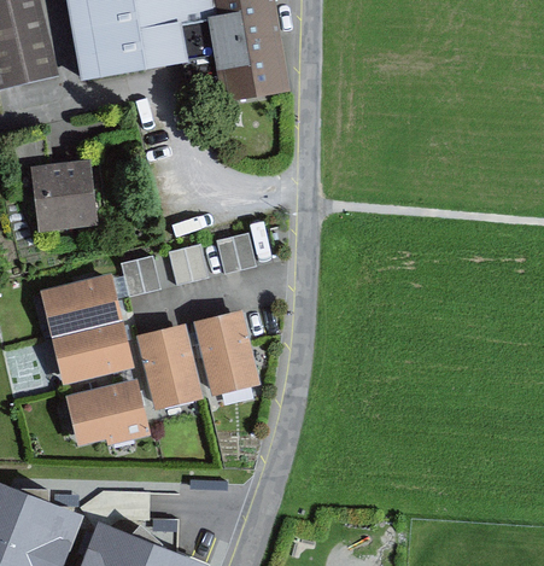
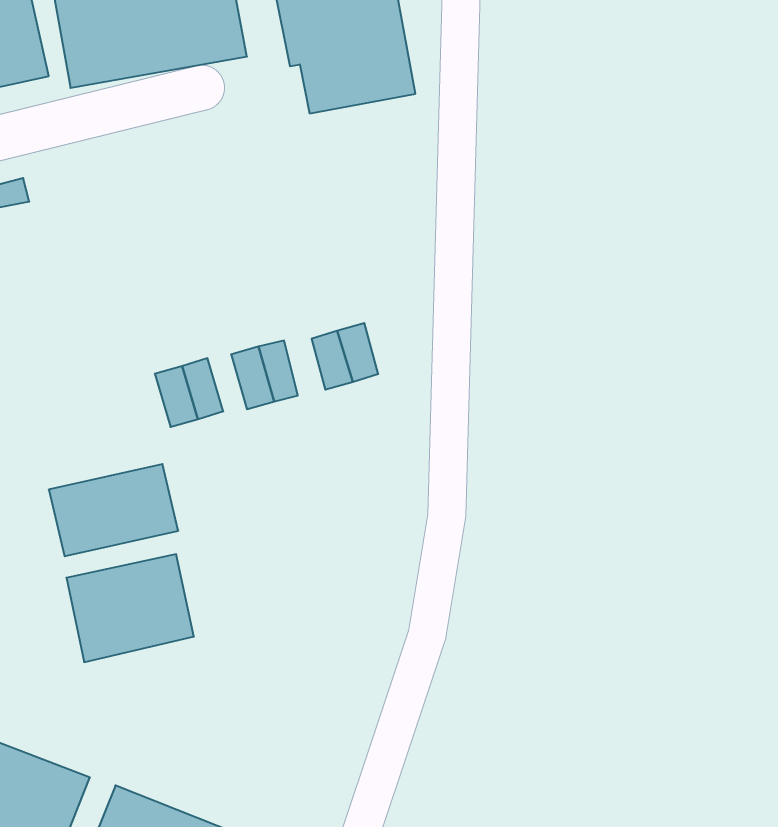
building: [33,164,98,229] -> none
building: [41,269,123,327] -> none
building: [197,308,258,387] -> none
building: [140,321,203,405] -> none

